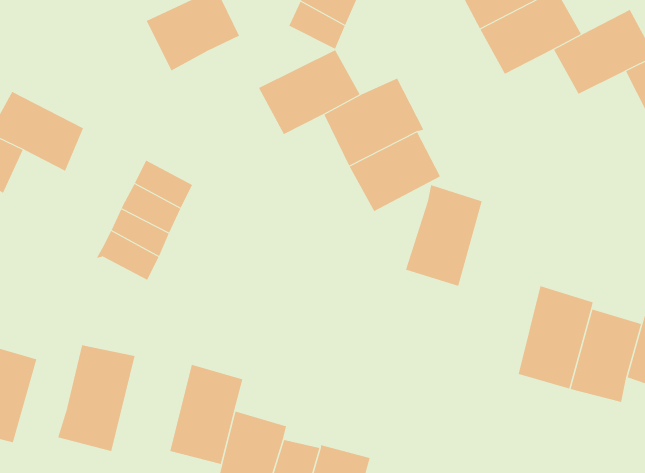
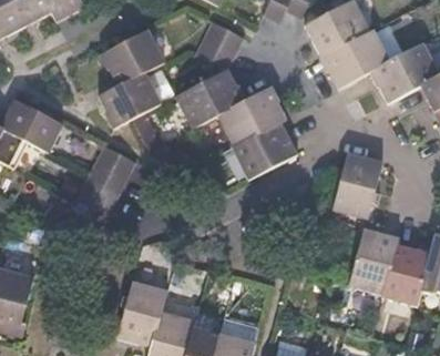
building: none -> [99,71,160,126]
building: [405,184,482,287] -> [330,151,381,218]
building: [58,344,135,452] -> none

